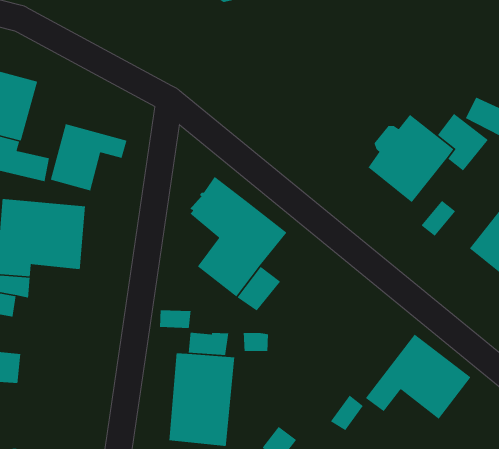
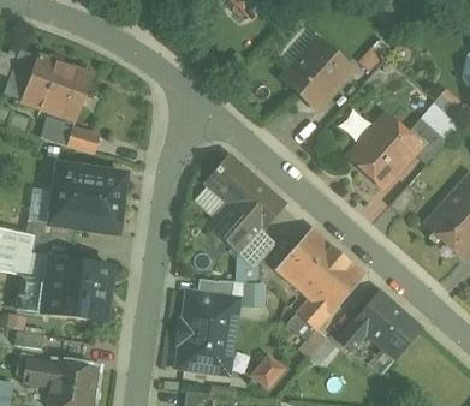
building: none -> [282,38,352,106]
building: [50,123,128,191] -> none
building: none -> [278,229,363,336]
building: none -> [64,262,112,321]

